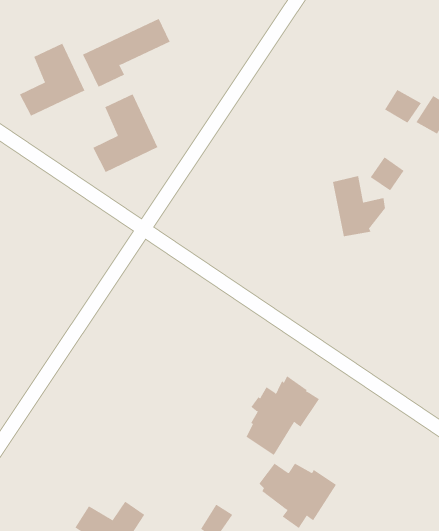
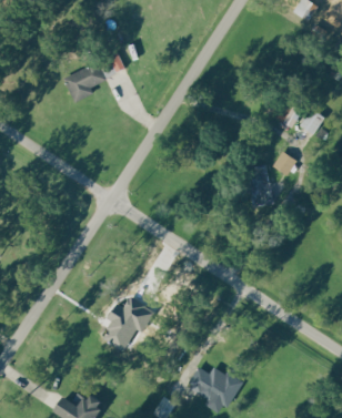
building: [19,43,85,117] -> none
building: [93,94,158,173] -> none
building: [246,376,320,456] -> [98,296,150,353]

